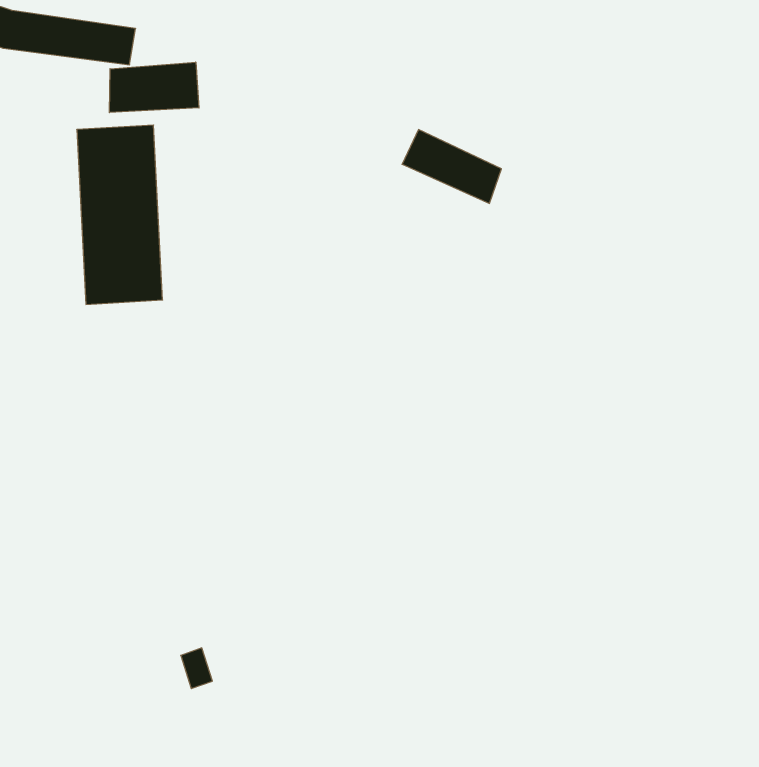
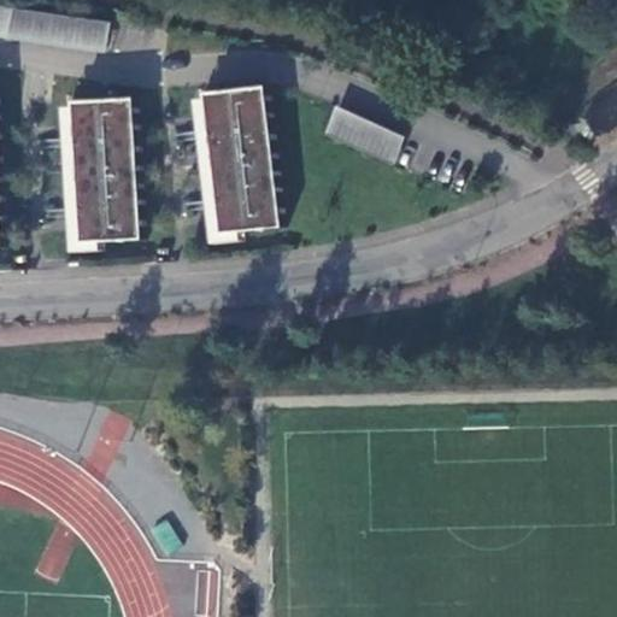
building: [109,62,199,113] -> none
building: none -> [204,82,282,230]

